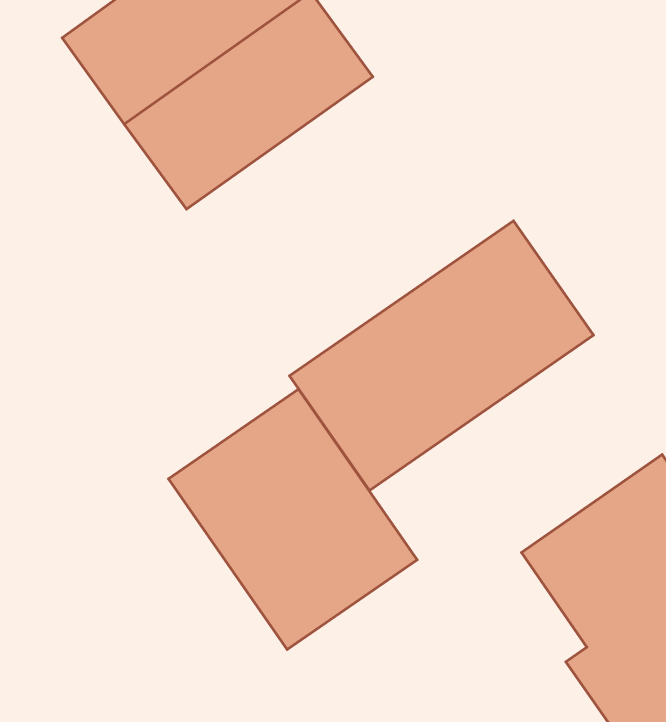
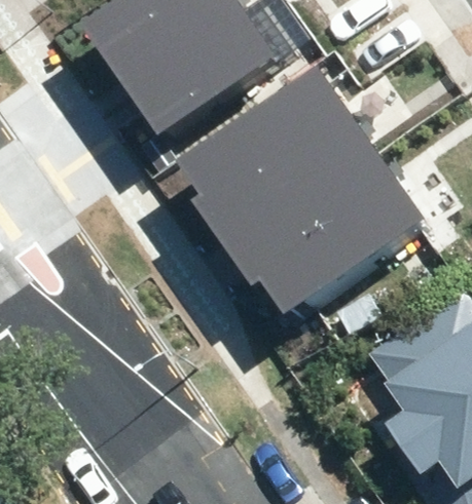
building: none -> [181,73,372,242]
building: [168,389,417,650] -> none

